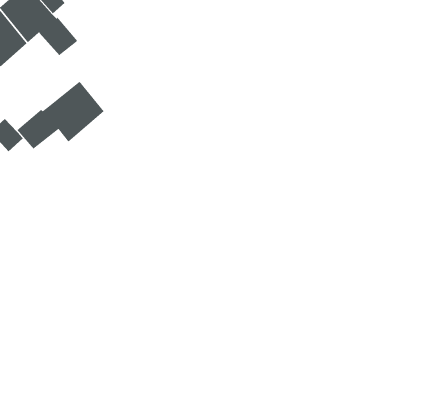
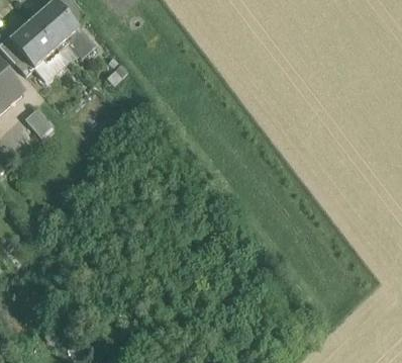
building: [16,81,105,149] -> none

